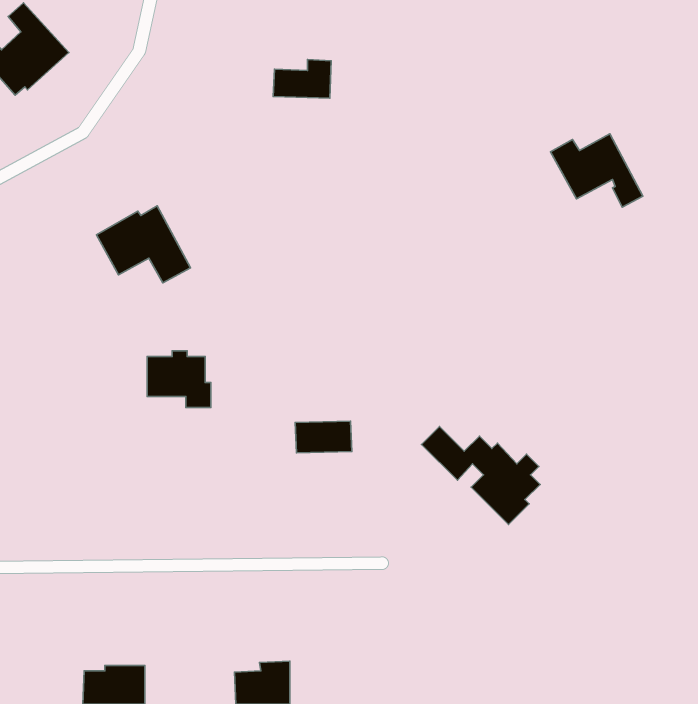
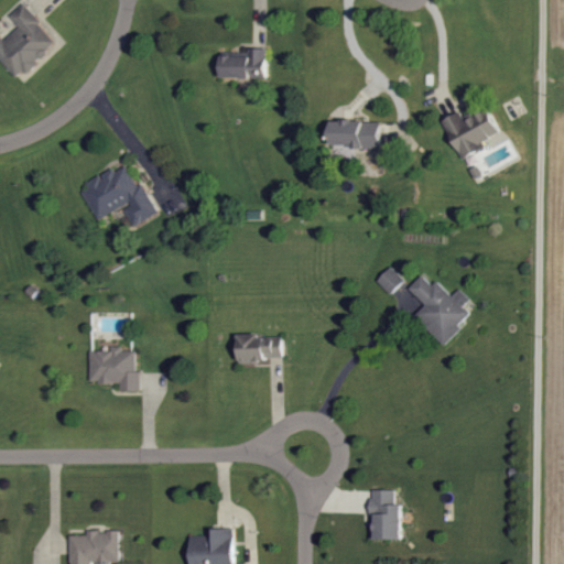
building: none -> [328,120,379,148]
building: [147,351,211,408] -> [87,346,138,391]
building: [422,426,540,524] -> [373,267,468,345]
building: none -> [367,489,400,540]

